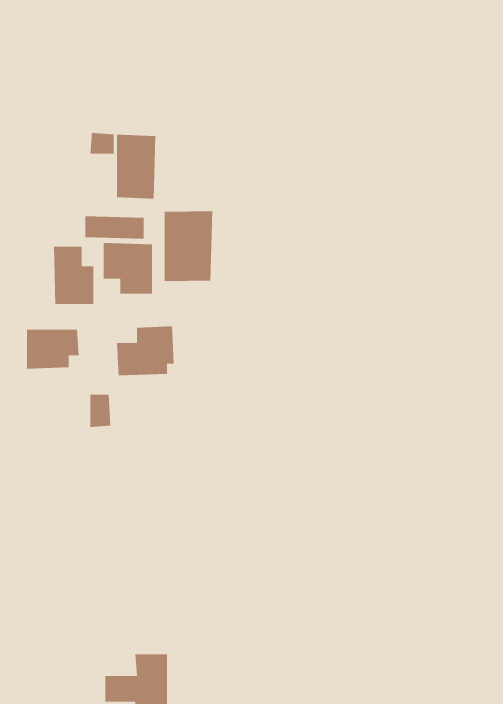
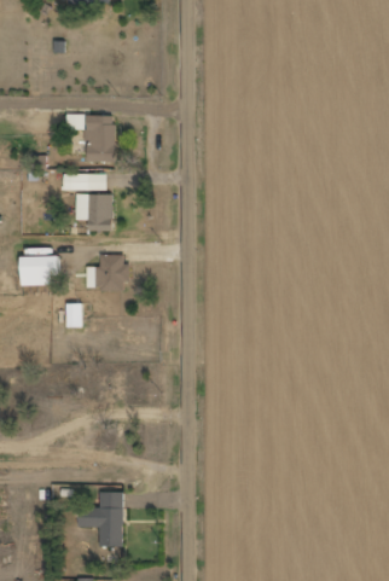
building: [164,210,213,282] -> none
building: [53,246,94,305] -> none

